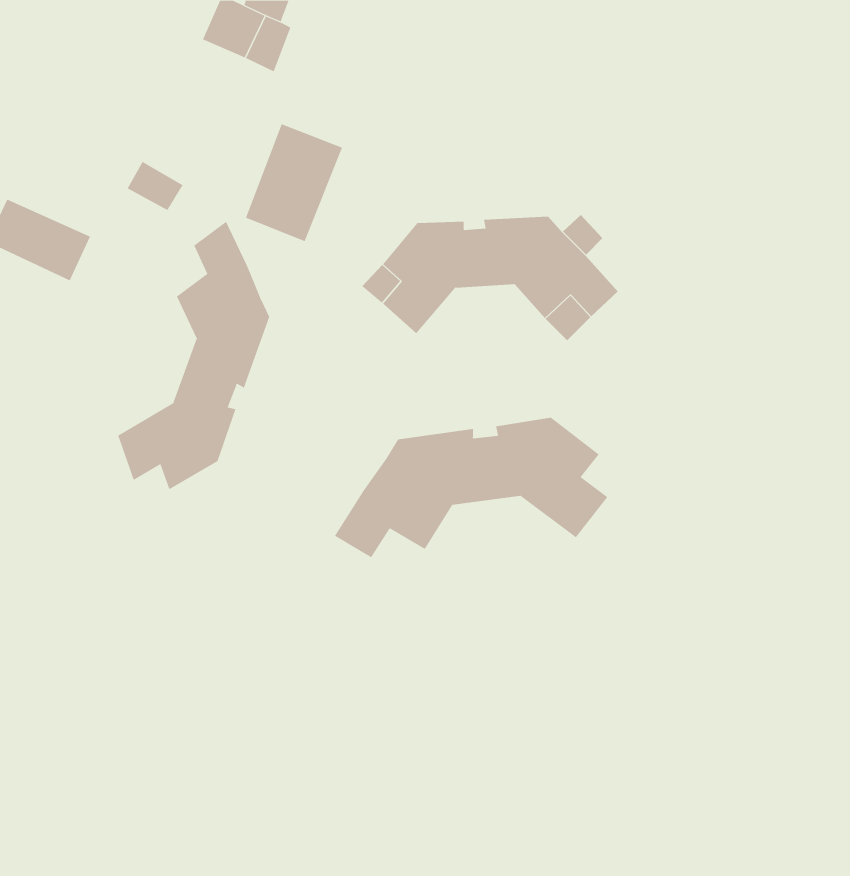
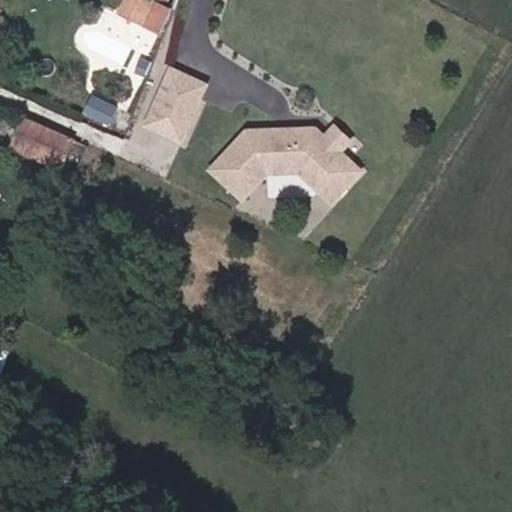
building: [118,221,270,490] -> none
building: [334,417,608,558] -> none

